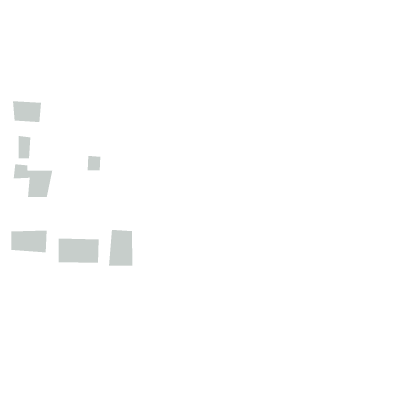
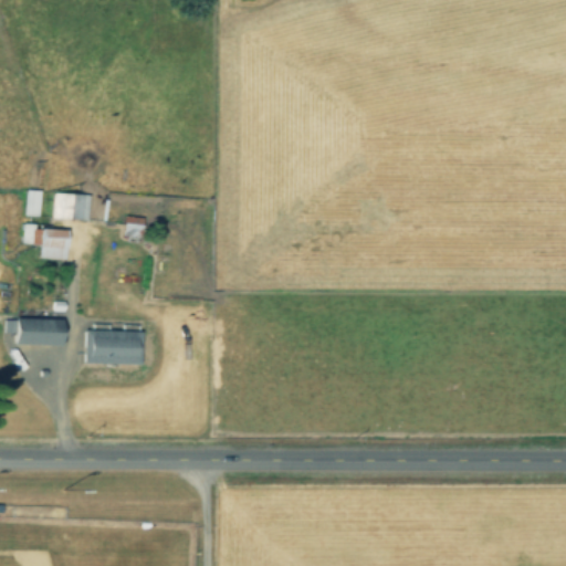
building: [12,101,42,123] -> [52,190,93,220]
building: [108,229,133,267] -> none

